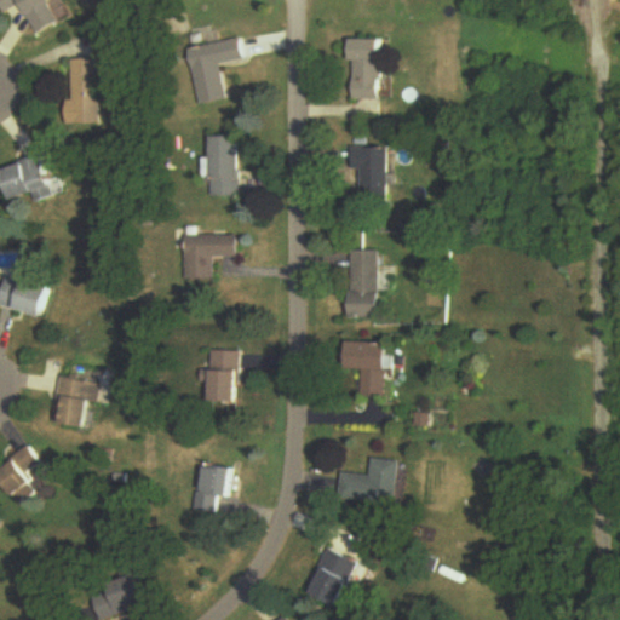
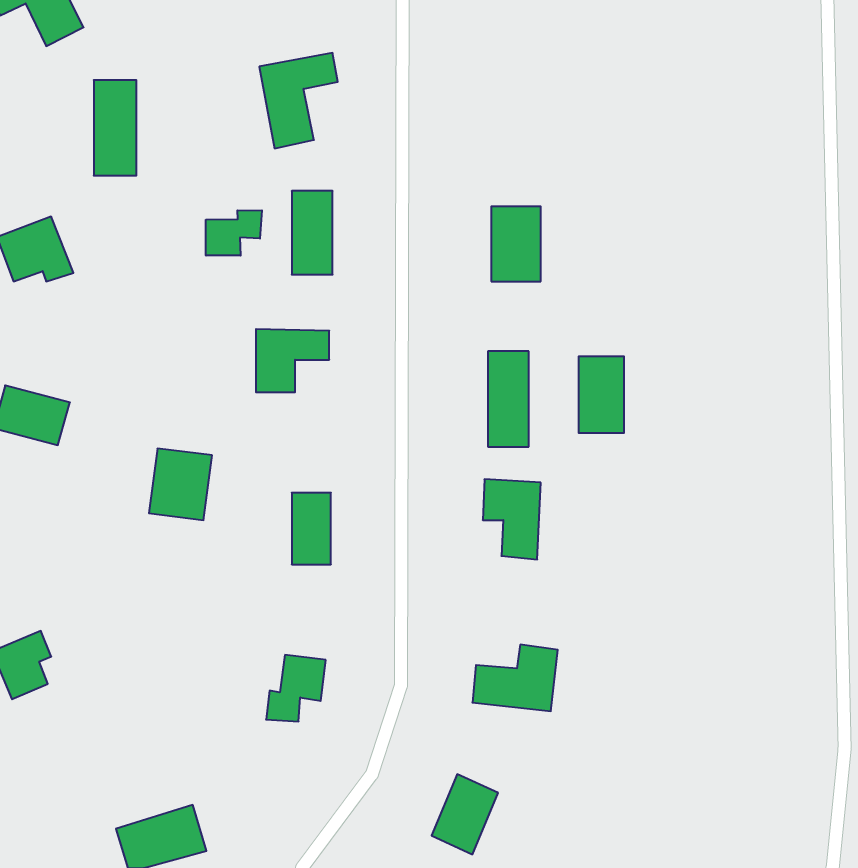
building: [348,39,378,98] -> none
building: none -> [206,210,262,256]
building: none -> [579,356,624,433]
building: [51,377,96,427] -> [149,449,212,520]

